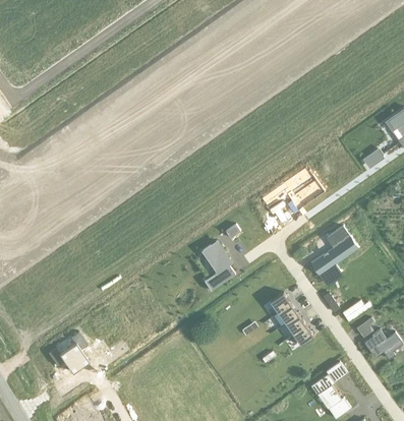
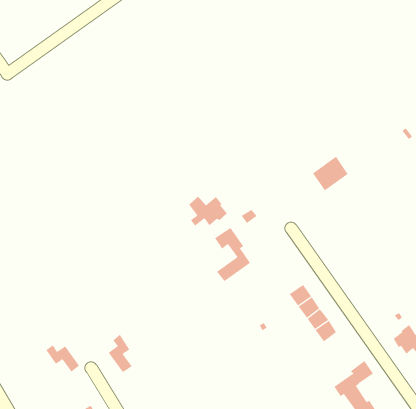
building: none -> [188,196,228,227]
building: [309,231,356,283] -> none
building: [65,330,88,366] -> [108,334,133,373]

